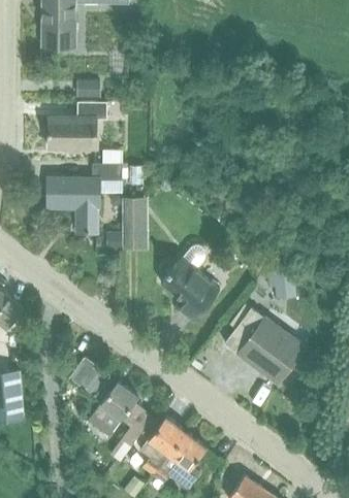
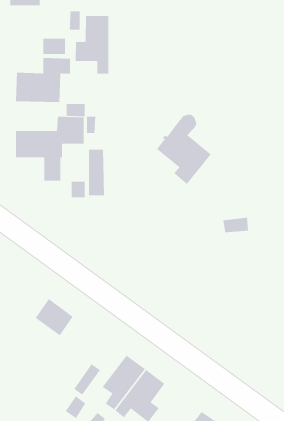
building: none -> [75,15,109,74]
building: [161,246,220,322] -> [156,114,212,185]
building: [225,308,305,384] -> none
building: [88,381,138,437] -> none

